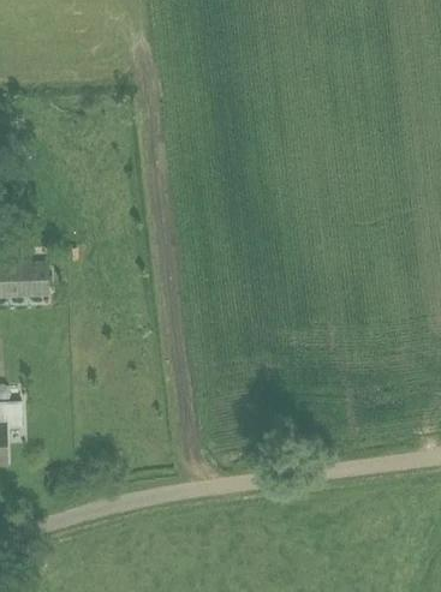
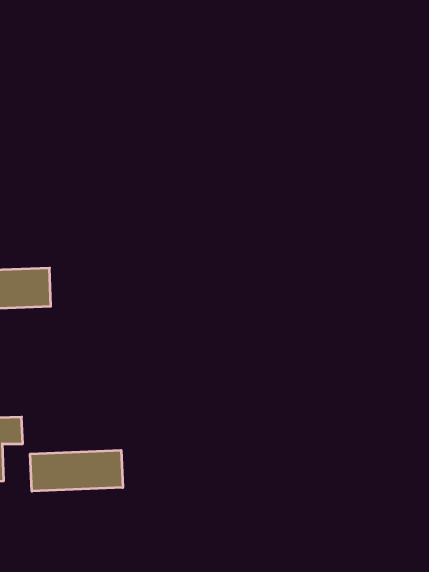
building: none -> [30,450,123,491]

